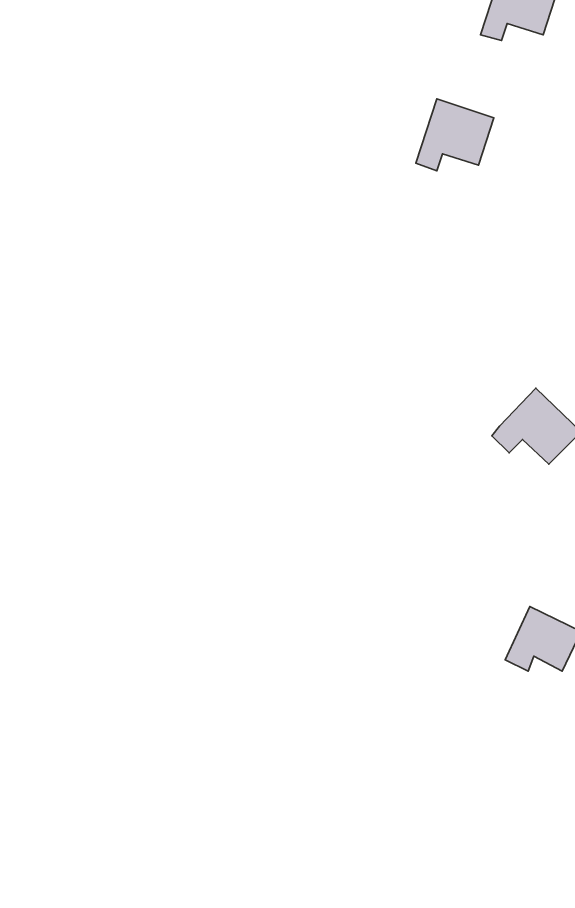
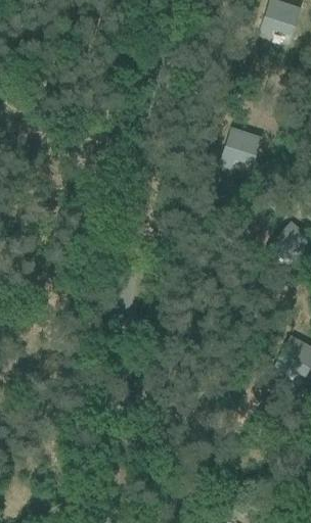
building: [416,99,494,171] -> [220,129,262,168]

